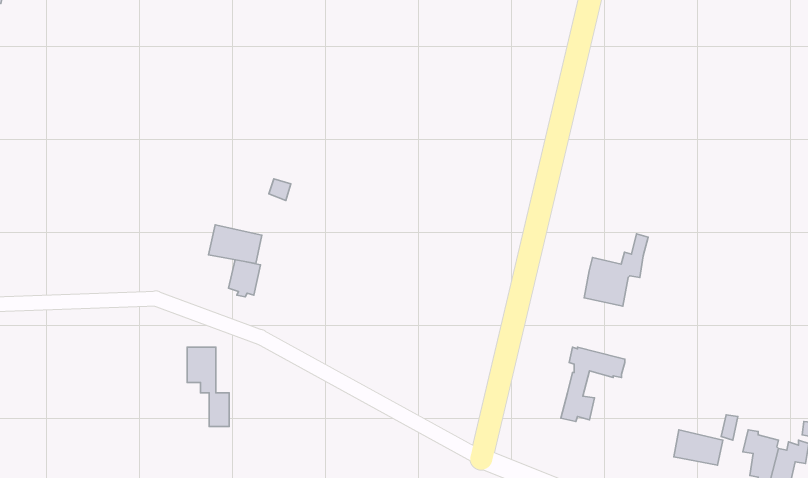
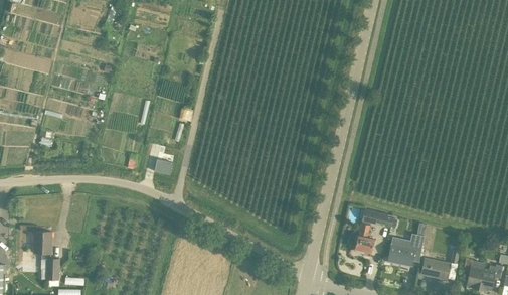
building: [208,225,262,263] -> none
building: [584,234,648,306] -> [388,223,427,266]
building: [187,347,229,426] -> [34,232,59,279]

